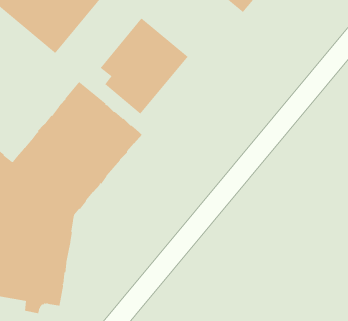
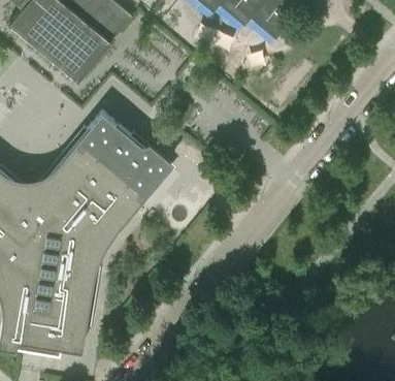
building: [100,18,189,115] -> none

